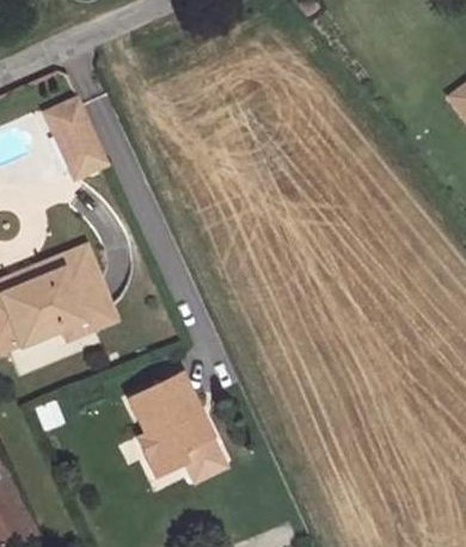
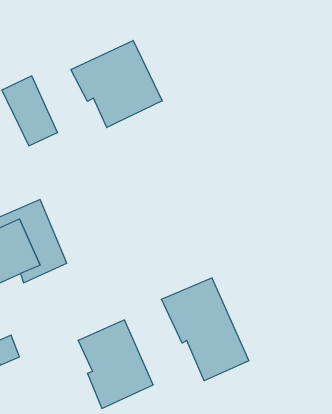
building: none -> [71,40,162,128]
building: none -> [162,278,249,381]

